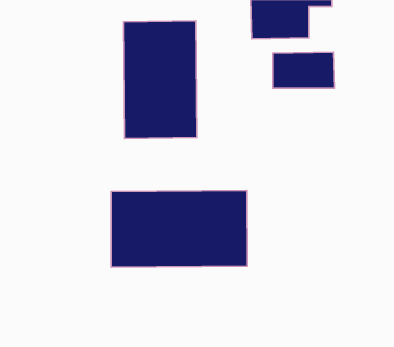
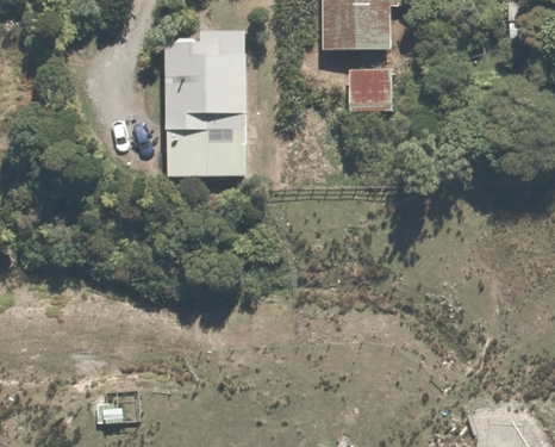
building: [111,191,247,267] -> none

